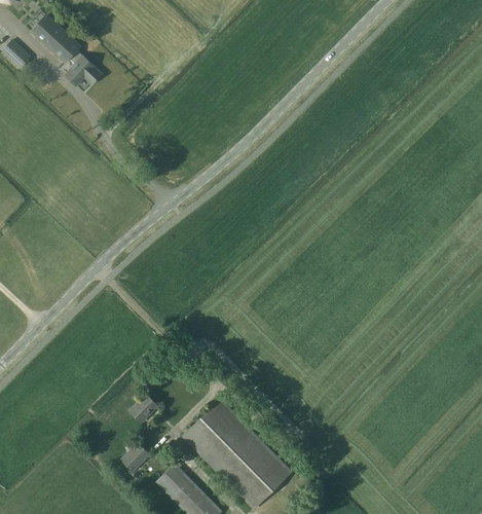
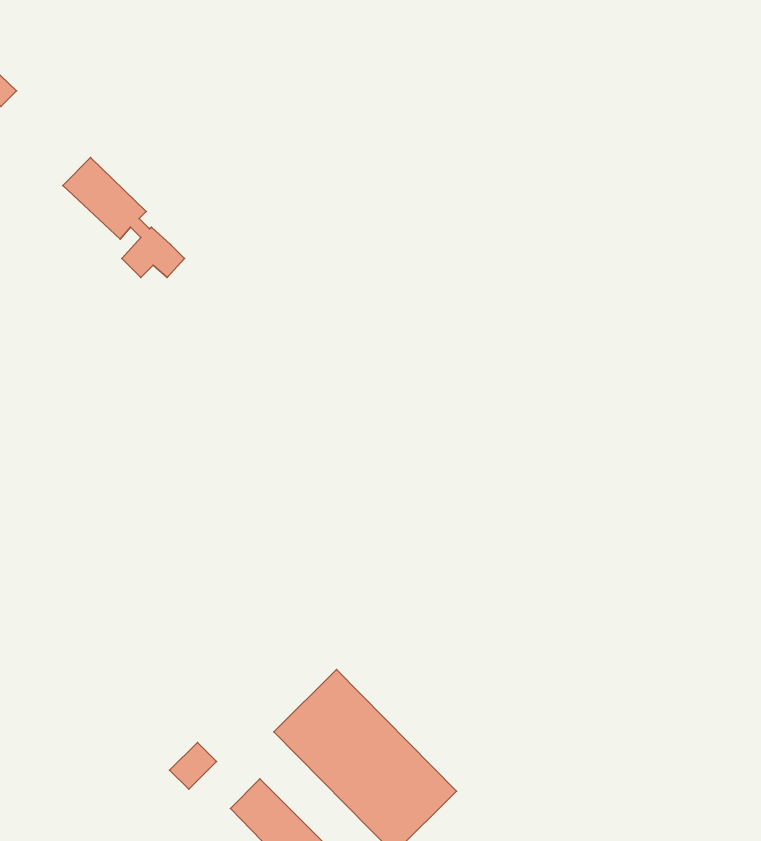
building: [31,15,103,86] -> [63,158,184,277]
building: [129,395,157,423] -> none

